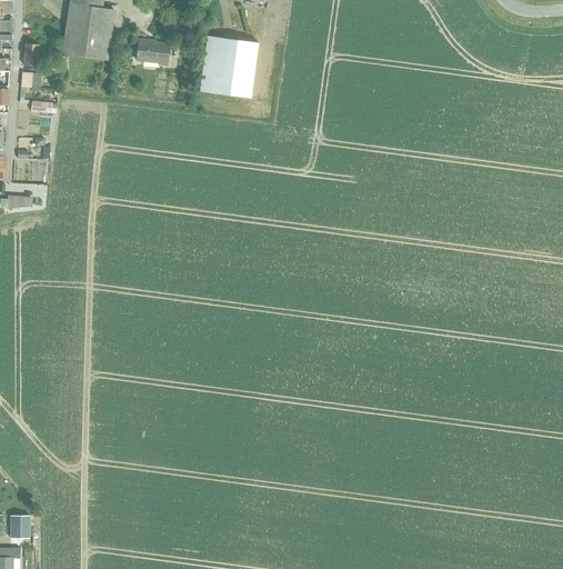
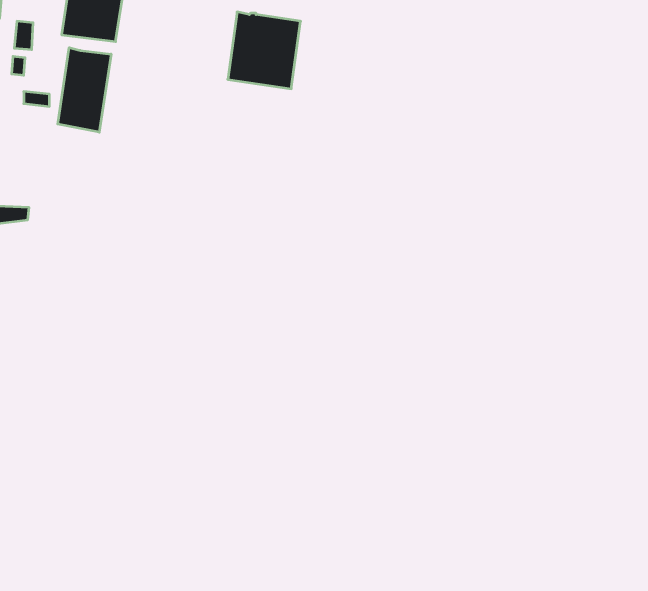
building: [137,38,170,66] -> none
building: none -> [58,48,111,132]

